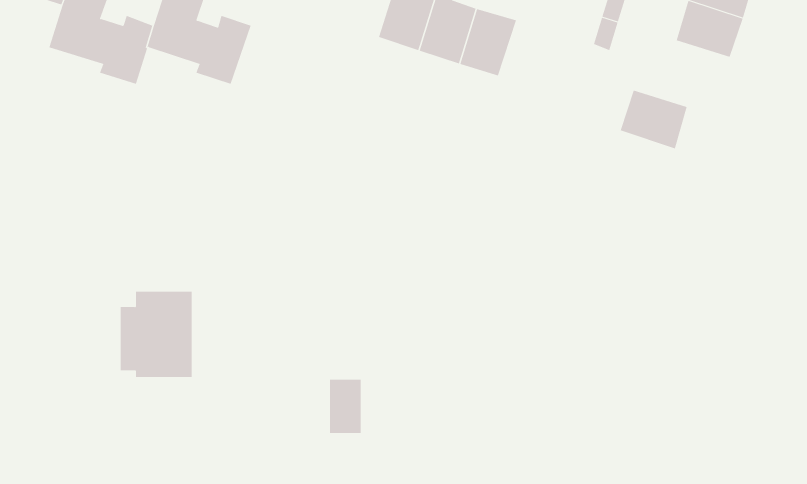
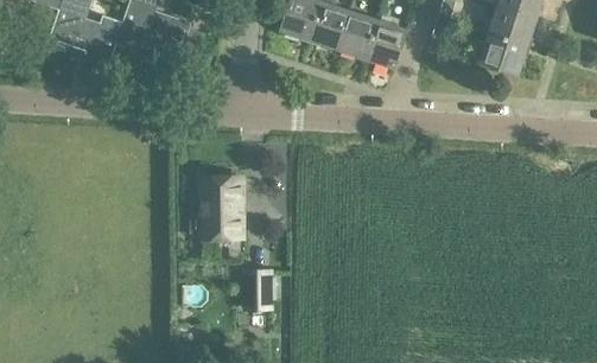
building: none -> [364,18,406,66]
building: [620,90,687,149] -> [479,32,527,74]
building: [120,291,193,378] -> [190,176,241,236]

